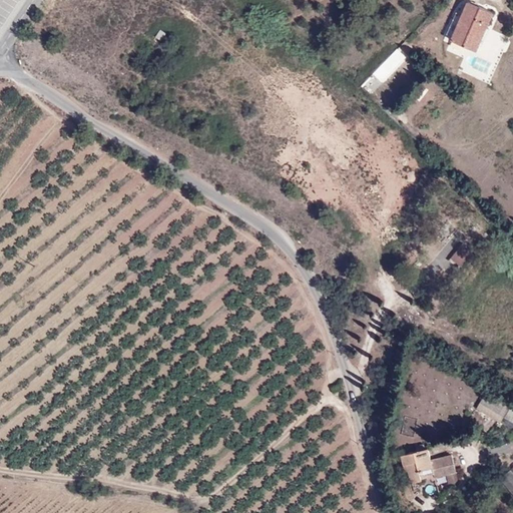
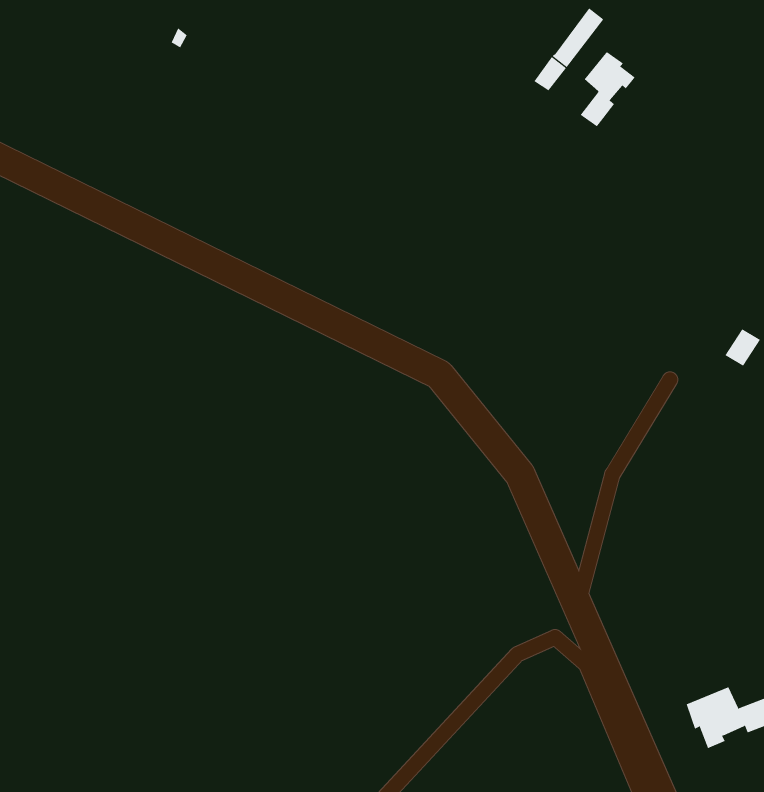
building: none -> [580,51,636,127]

